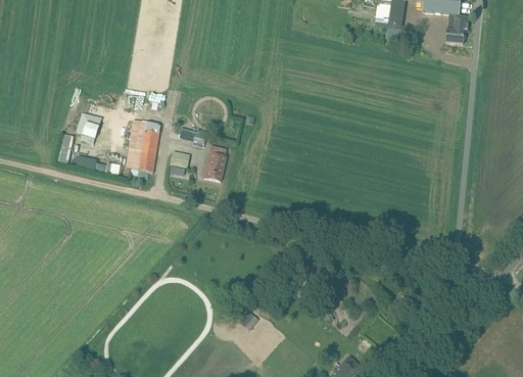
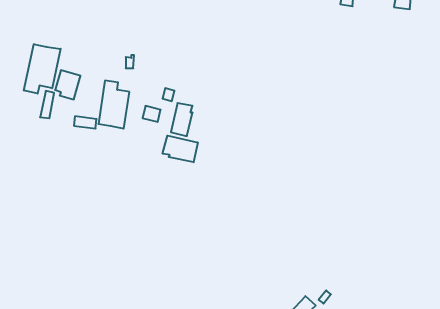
building: none -> [24,44,61,94]
building: none -> [163,136,198,162]

